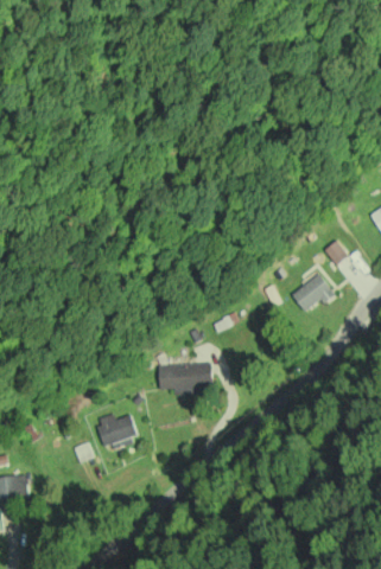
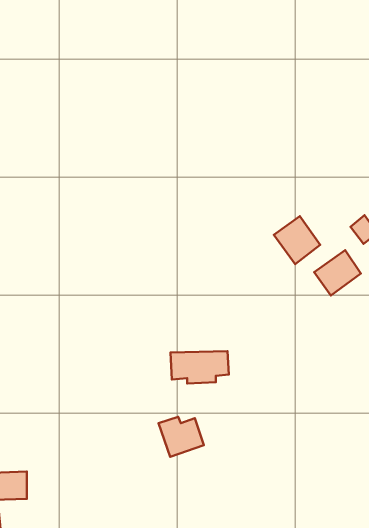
building: none -> [274,216,320,264]
building: [96,414,138,450] -> [159,417,204,457]

